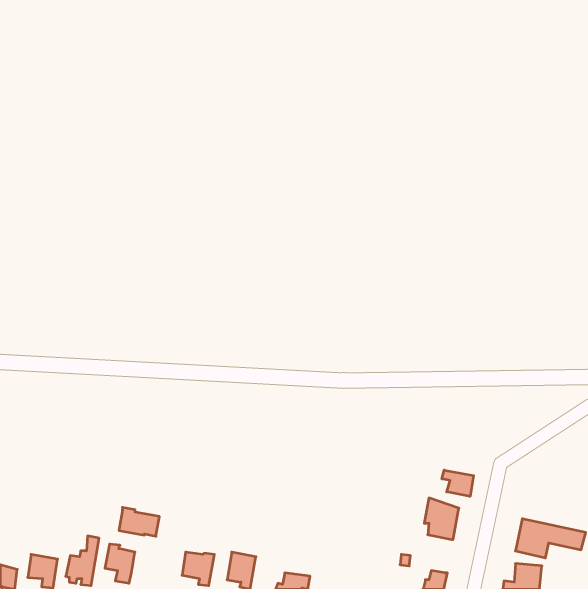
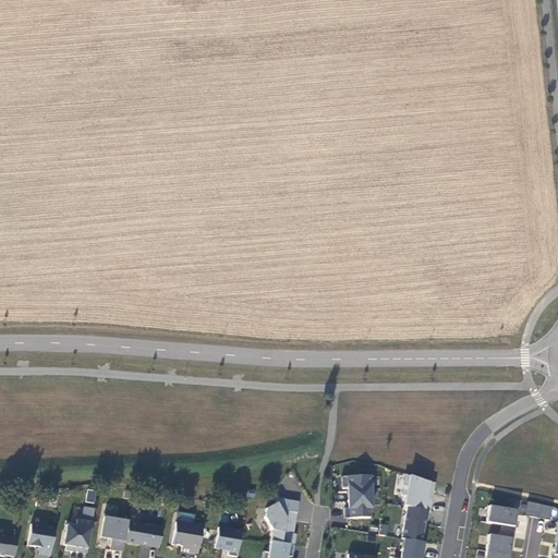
building: [442,470,474,496] -> none
building: none -> [342,475,373,518]
building: [119,507,159,536] -> [125,520,163,547]
building: none -> [265,498,299,534]
building: none -> [401,506,428,542]

